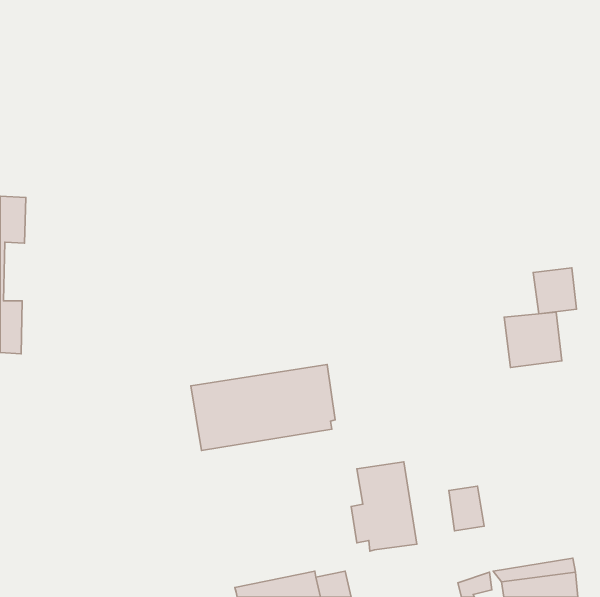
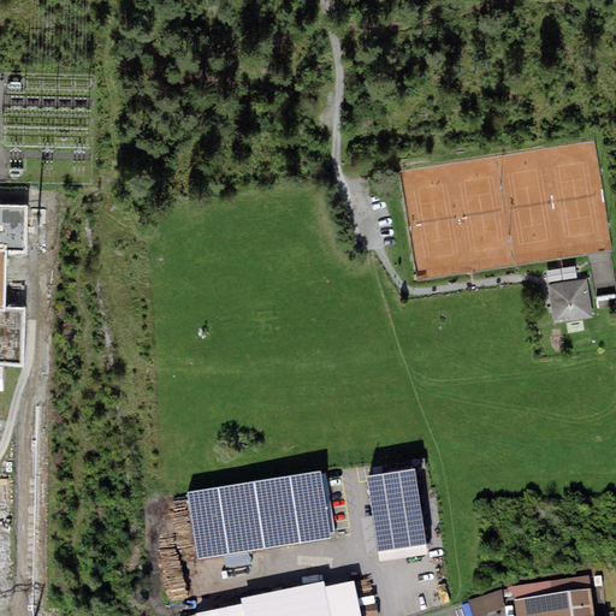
building: [504,312,562,368] -> none
building: [191,365,335,450] -> [186,473,334,561]
building: [449,486,484,531] -> none

